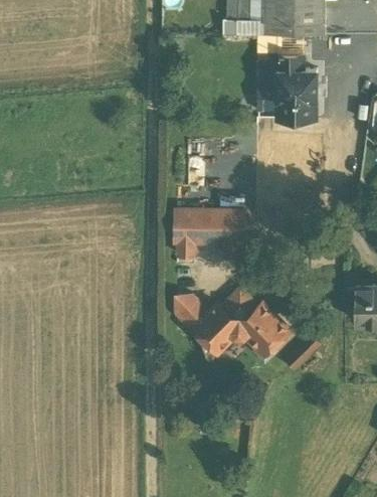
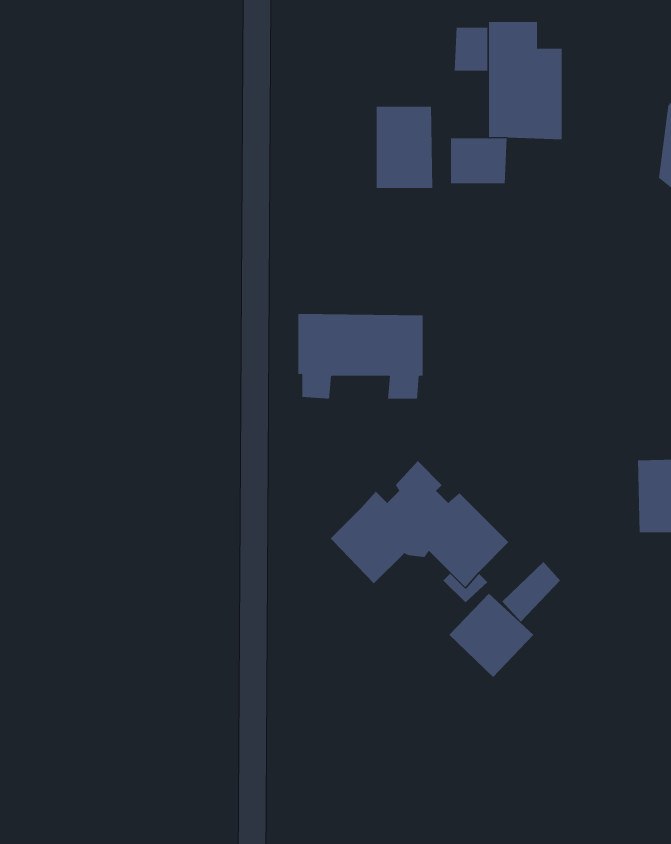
building: none -> [376,106,433,189]
building: [175,295,210,331] -> none
building: none -> [448,593,534,678]

